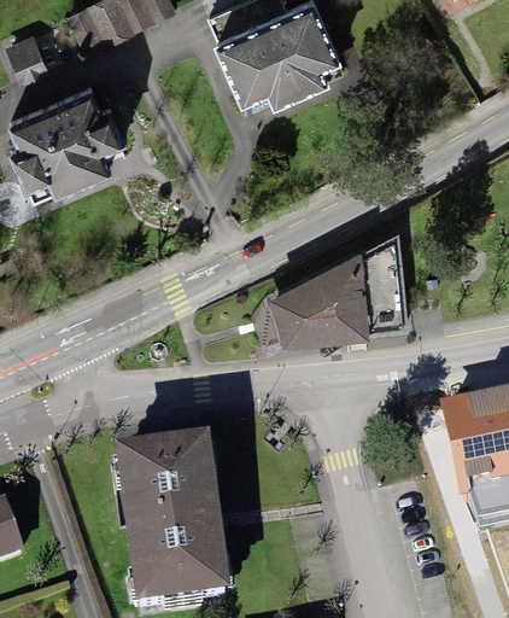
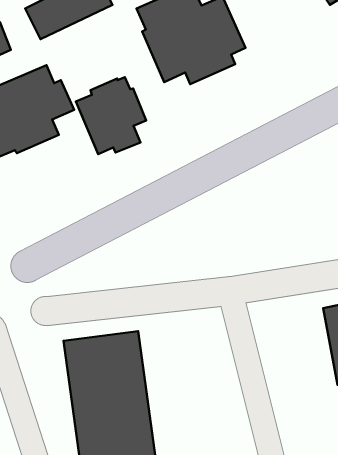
building: none -> [76,77,146,154]
building: [267,233,409,351] -> none

